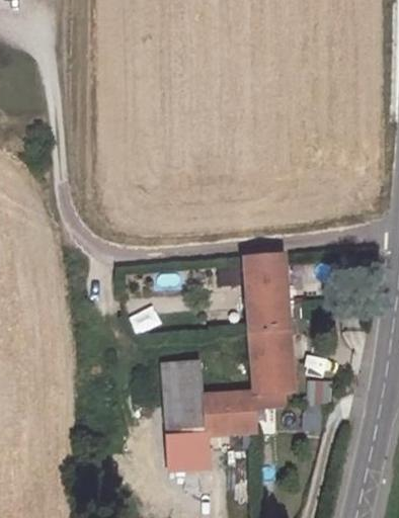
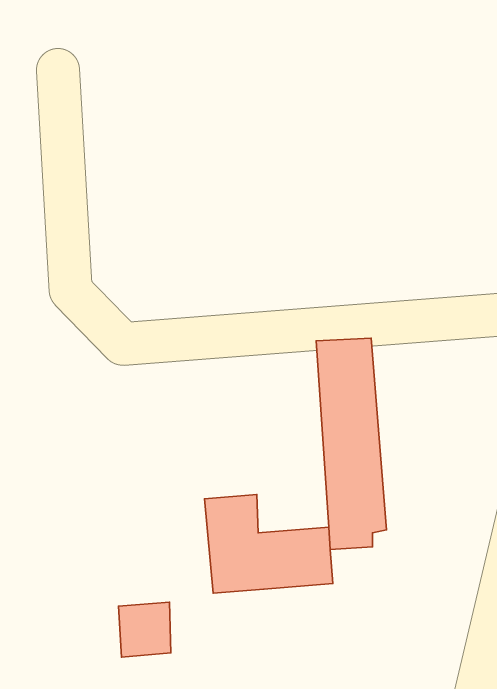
building: [170,434,208,473] -> [119,602,171,657]

